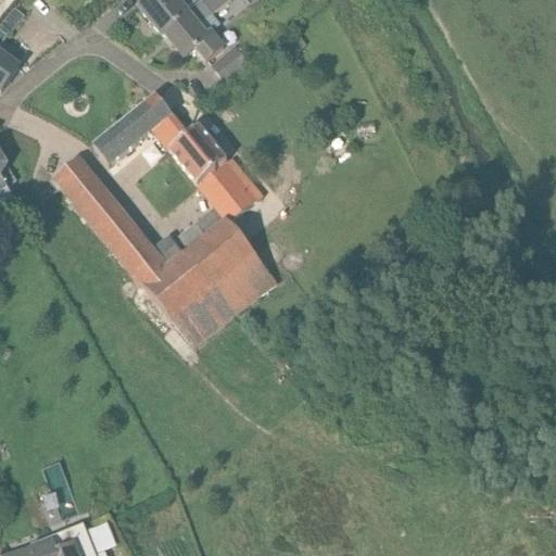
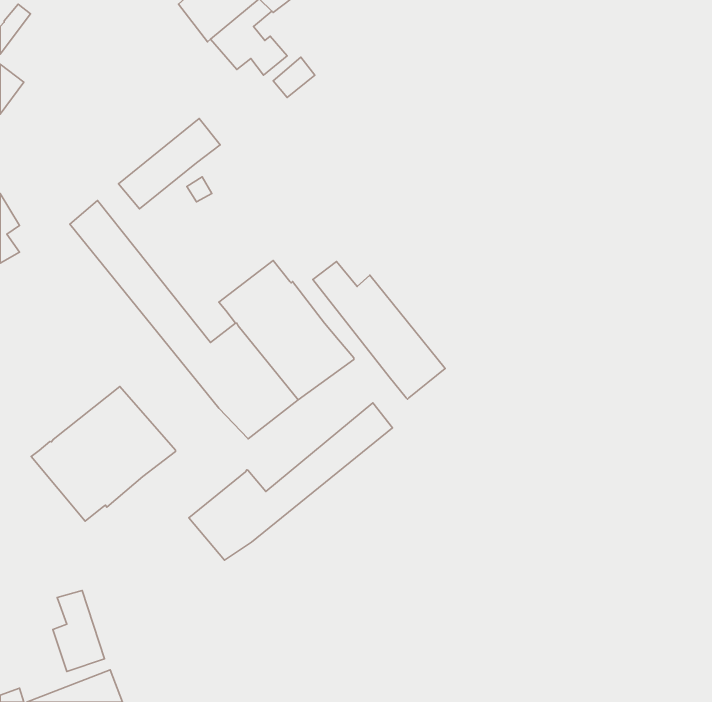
building: [153,113,256,220] -> [313,261,445,399]
building: none -> [31,386,176,521]
building: none -> [189,403,392,560]

